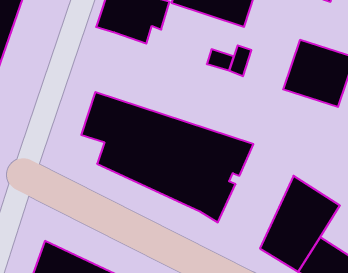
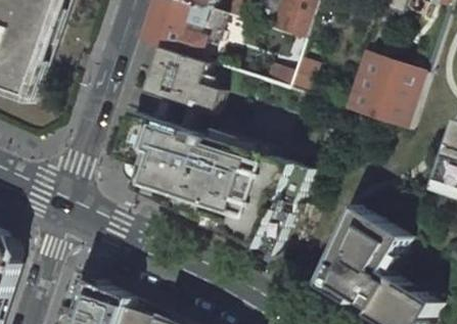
building: none -> [146,46,223,114]

